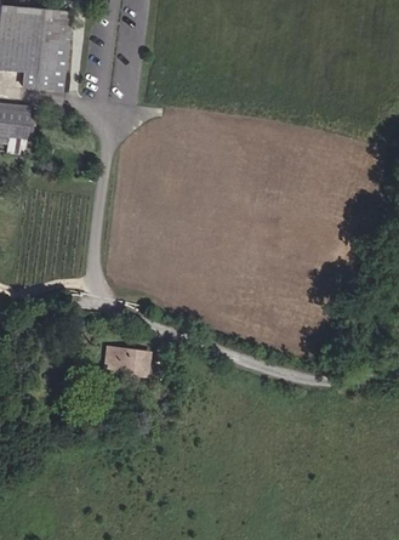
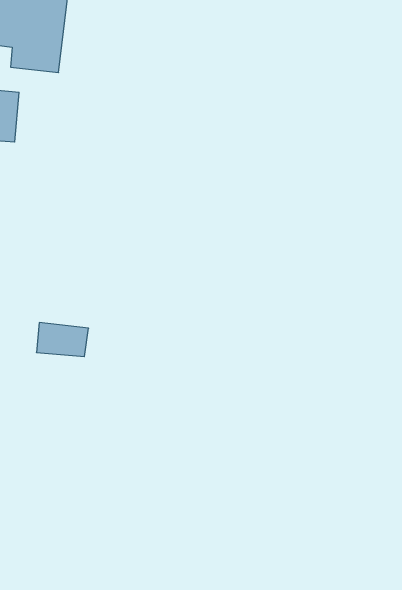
building: [108,346,153,375] -> [36,323,89,357]

